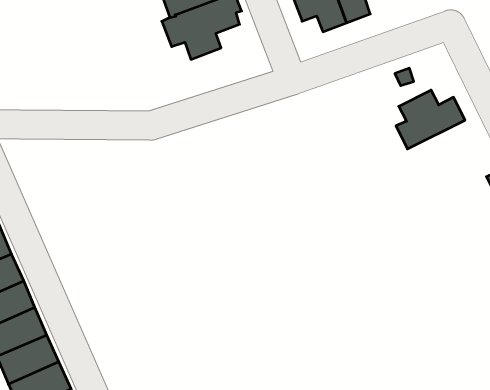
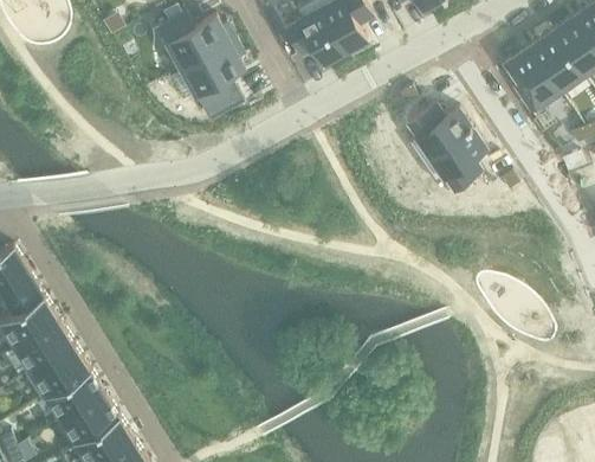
building: none -> [420,128,485,191]

